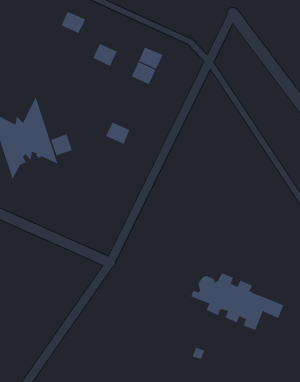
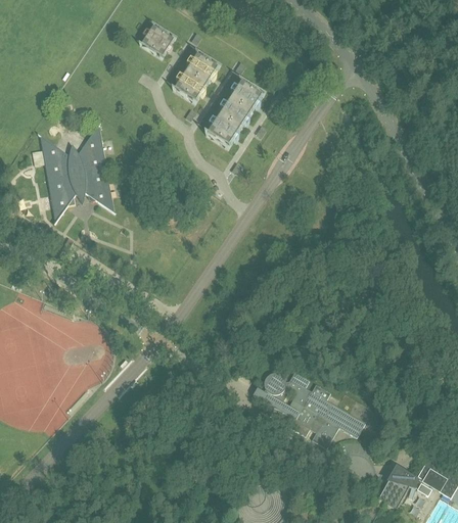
building: none -> [185,54,217,84]
building: [105,122,130,144] -> [207,116,238,146]
building: [50,133,73,156] -> none

